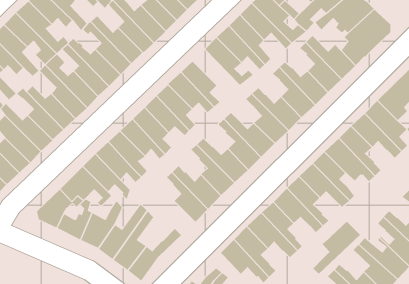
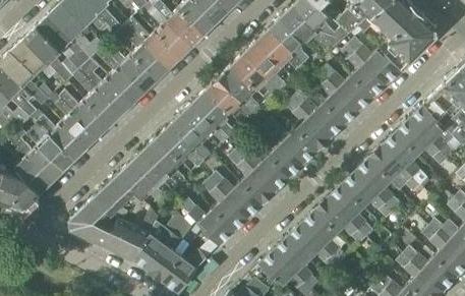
building: none -> [231,53,280,102]
building: none -> [182,200,234,245]
building: [312,221,361,274] -> none

